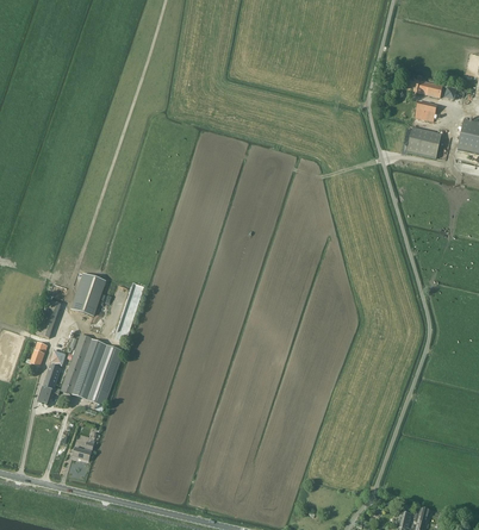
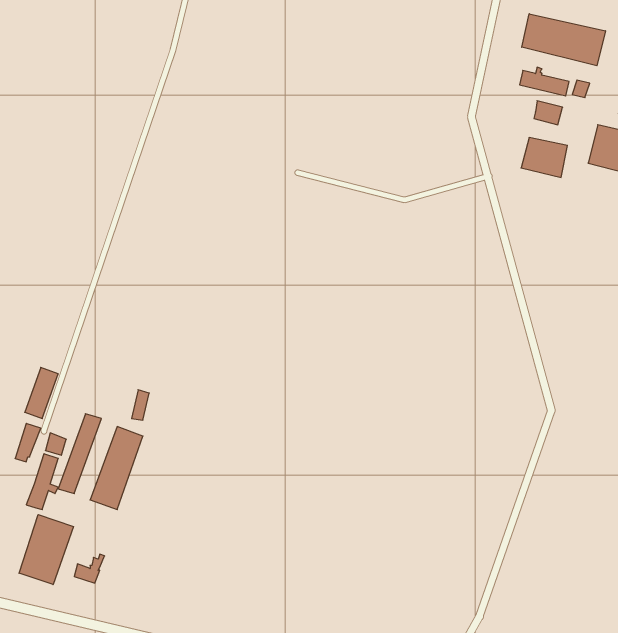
building: none -> [522,14,605,66]
building: [70,272,106,316] -> none
building: none -> [19,515,73,585]

